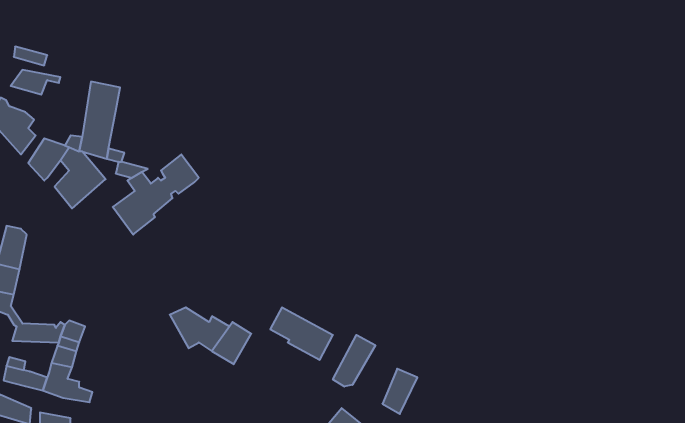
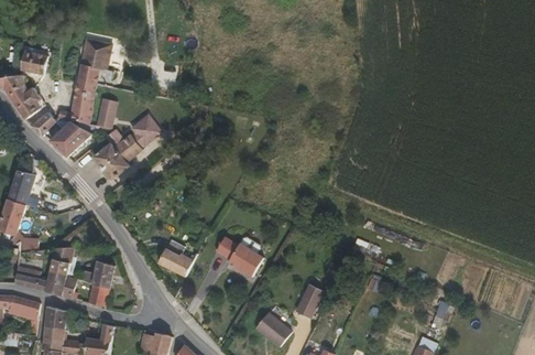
building: none -> [80,32,111,66]
building: [333,335,375,387] -> none
building: none -> [86,260,114,310]

